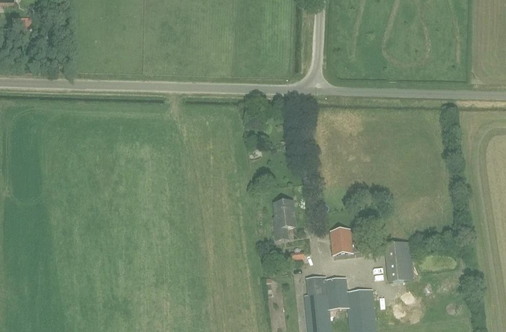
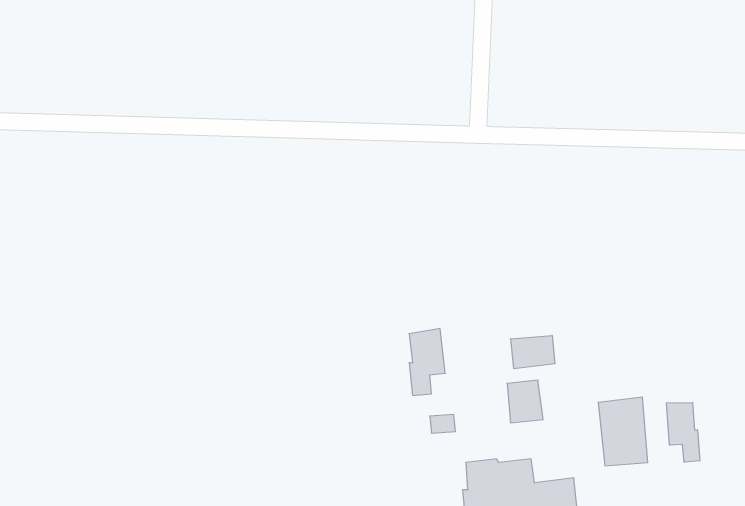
building: none -> [511,335,555,369]
building: none -> [667,402,700,462]

